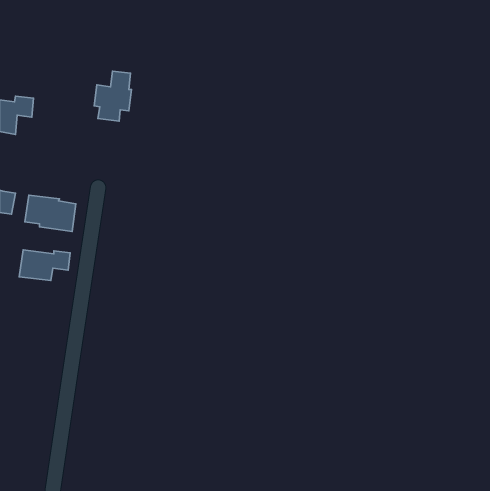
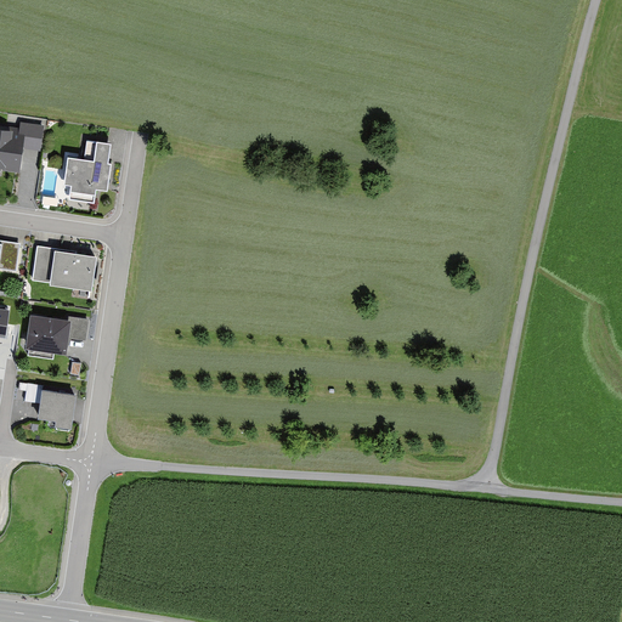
building: [94,71,132,121] -> [63,137,111,200]
building: none -> [38,391,75,430]

